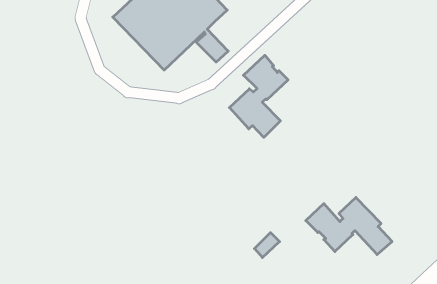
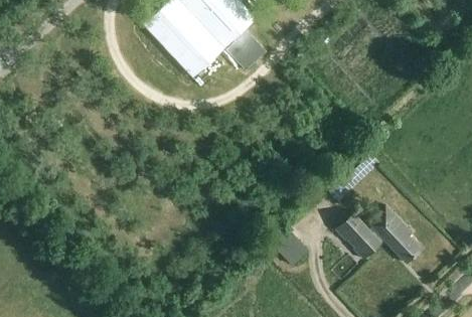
building: [229,55,288,137] -> none

